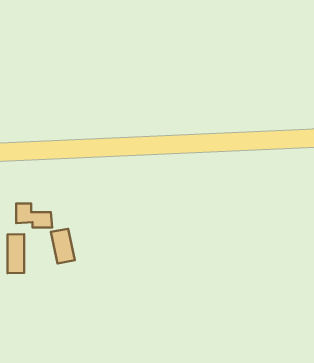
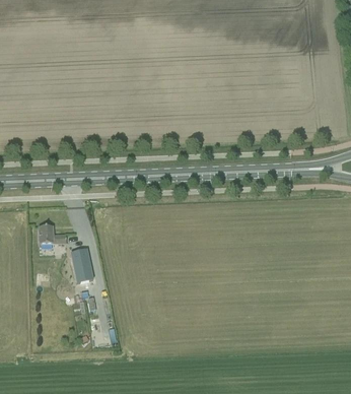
building: [8,234,24,273] -> none

